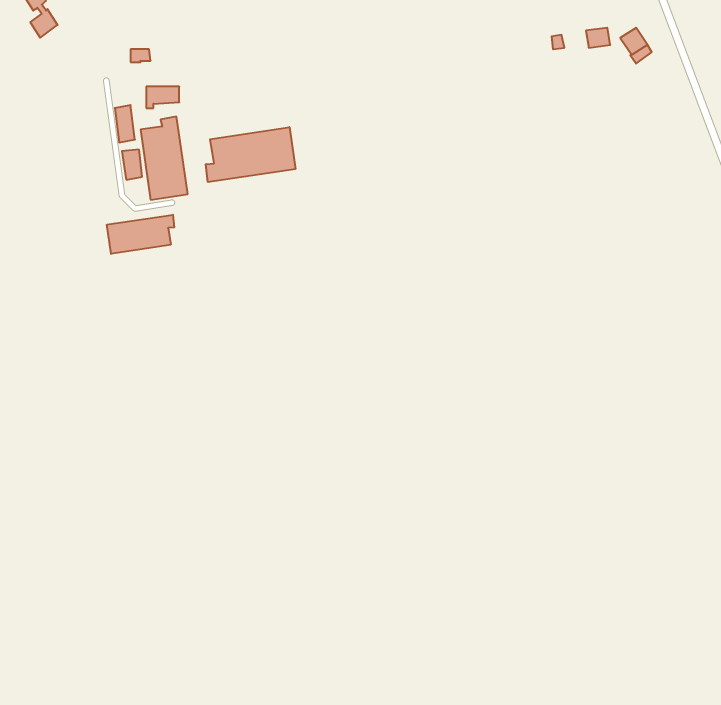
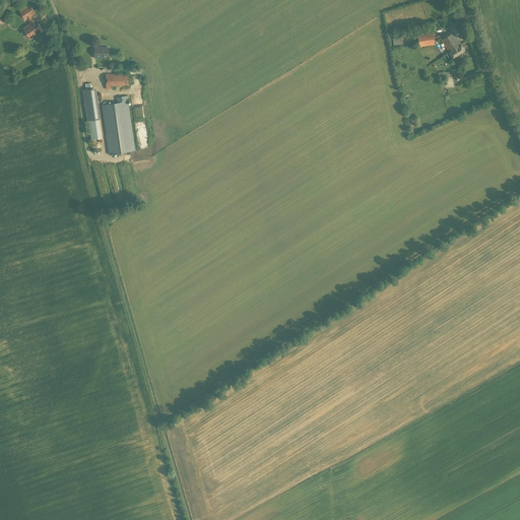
building: [206,127,295,182] -> none
building: [107,215,174,254] -> none

